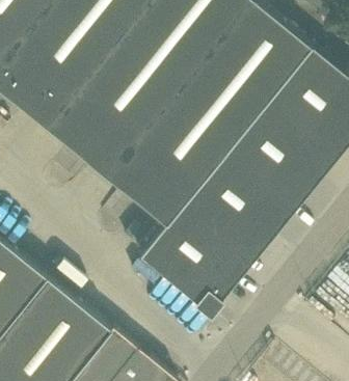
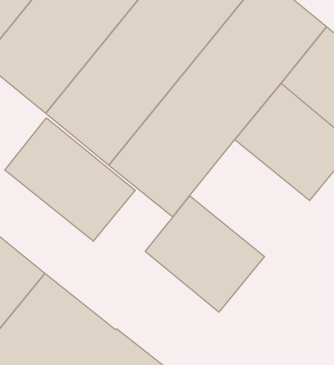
building: none -> [5,118,135,241]
building: [182,153,295,263] -> none

